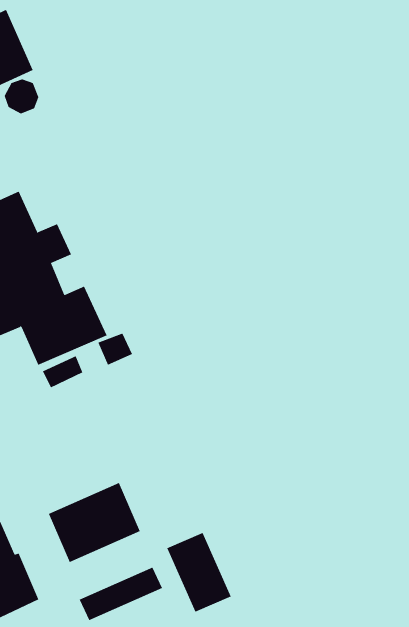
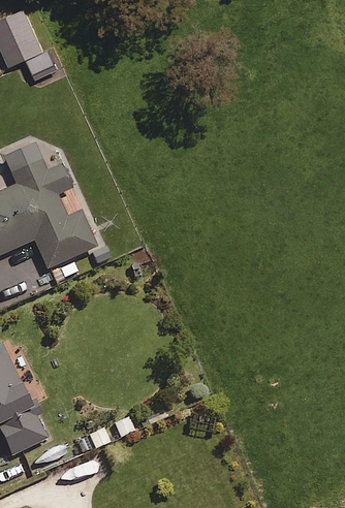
building: [48,482,141,563] -> none
building: [167,532,232,613] -> none

